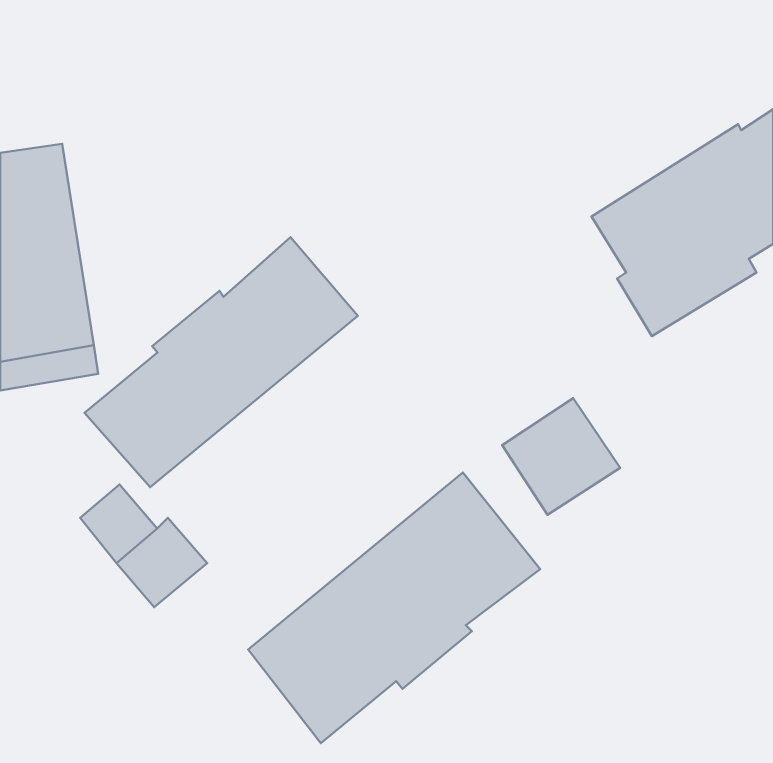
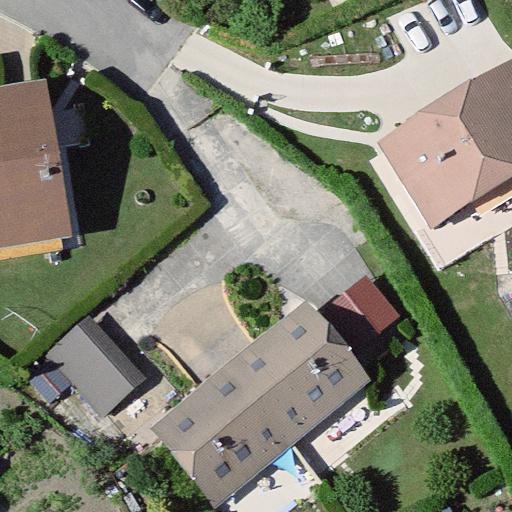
building: [84,237,358,487] -> none

